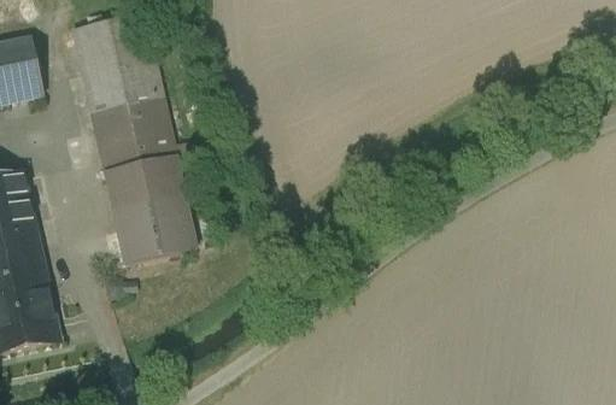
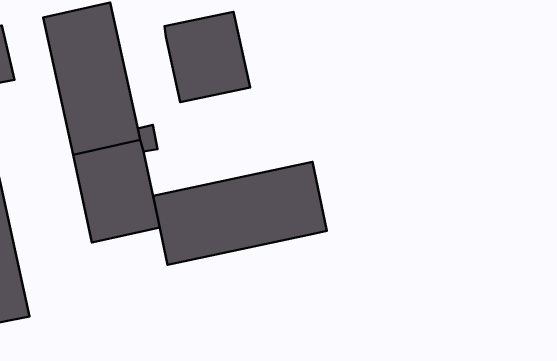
building: none -> [165,12,250,102]
building: none -> [153,162,327,265]

